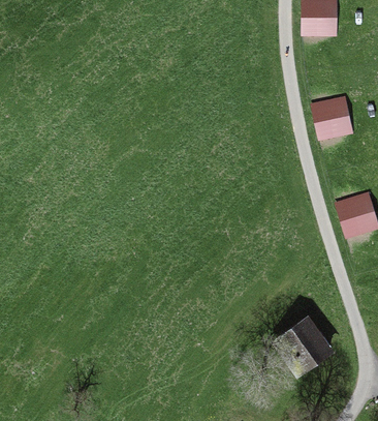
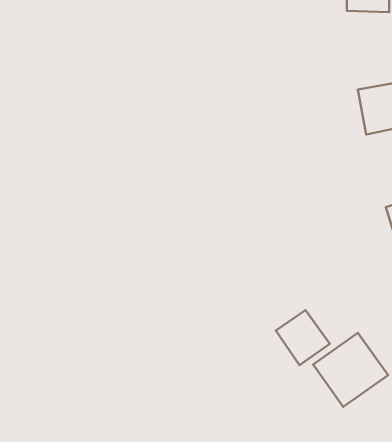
building: none -> [276,310,330,365]

